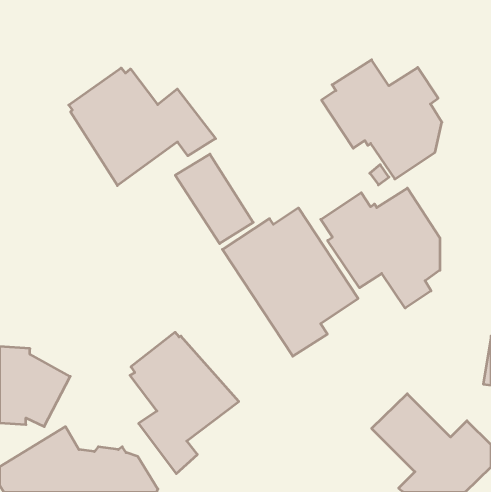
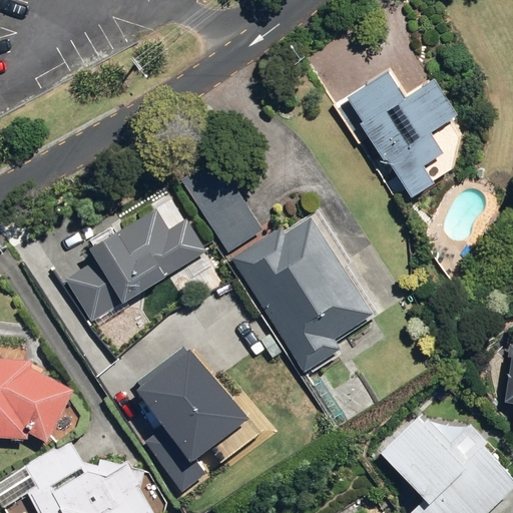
building: [69,68,216,186] -> none
building: [321,188,440,308] -> none
building: none -> [65,210,206,323]

